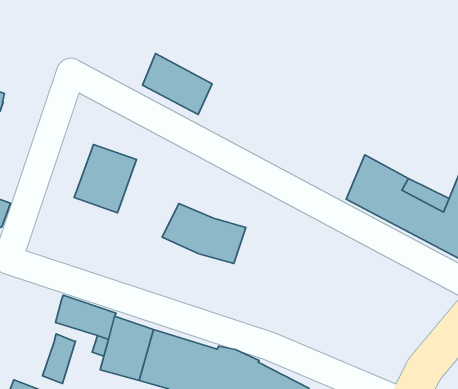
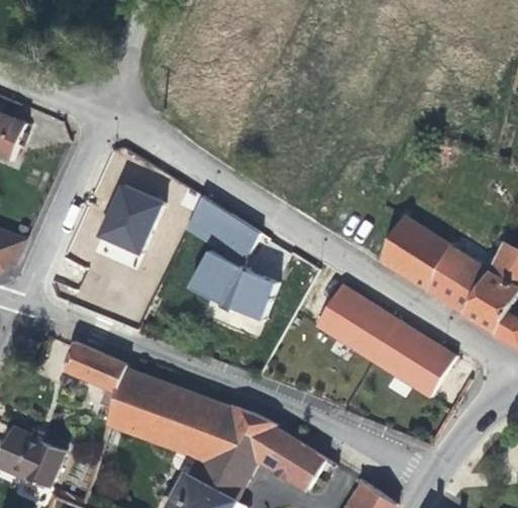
building: [142,54,212,115] -> [186,196,260,264]
building: none -> [314,284,453,399]
building: [43,334,76,383] -> none

